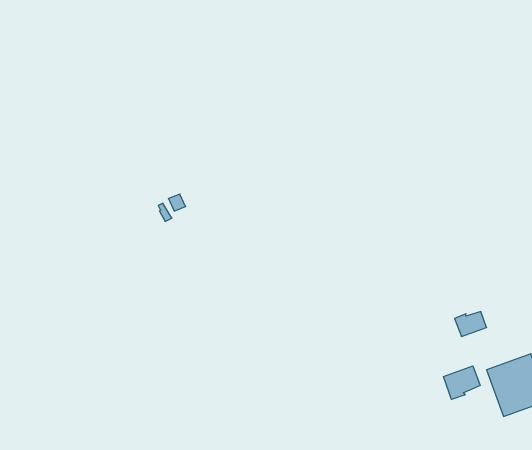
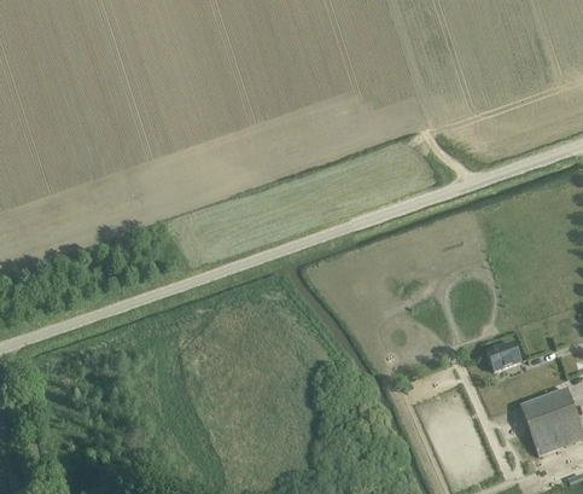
building: [443,366,480,399] -> none

